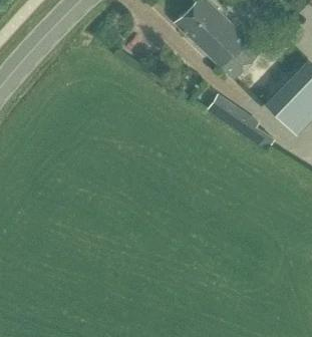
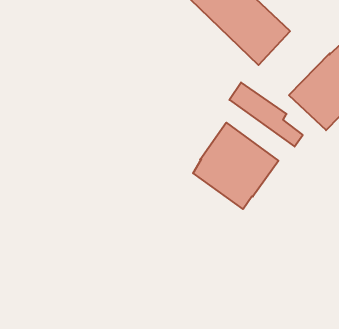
building: none -> [193,123,278,209]

